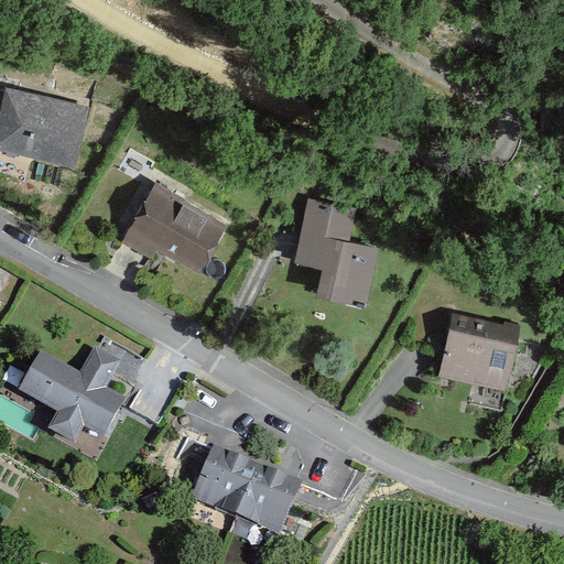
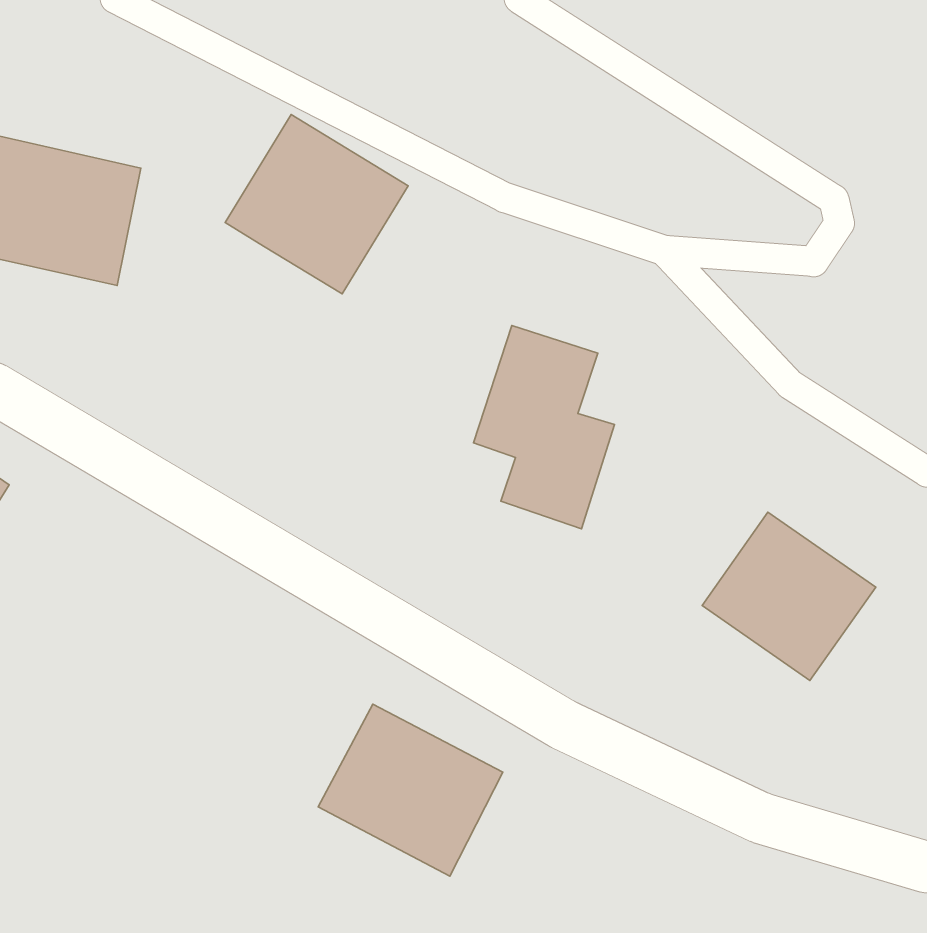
building: [122,172,232,280] -> [225,114,408,294]
building: [20,346,133,462] -> none

